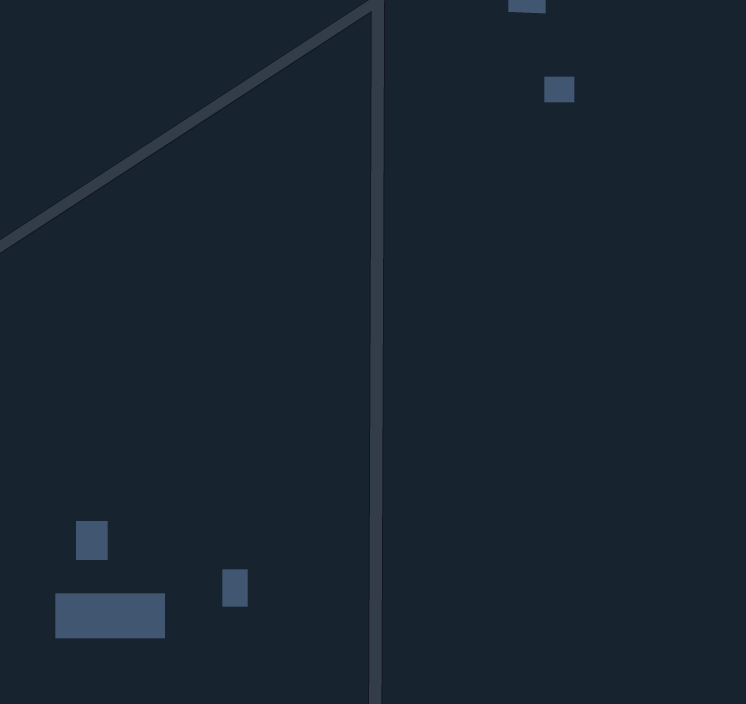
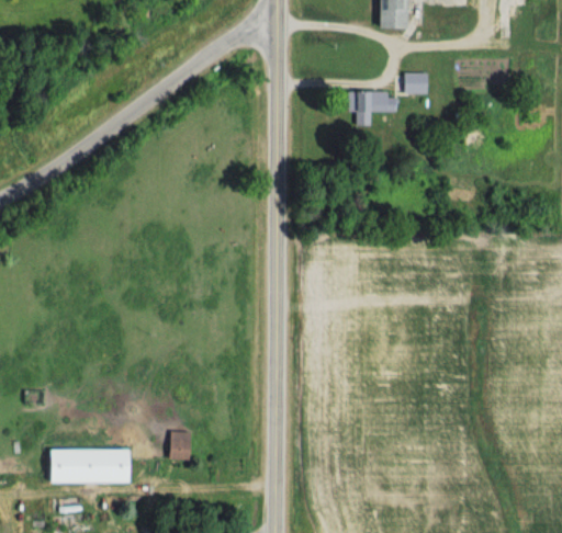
building: none -> [351,90,396,126]
building: [75,520,109,561] -> none

